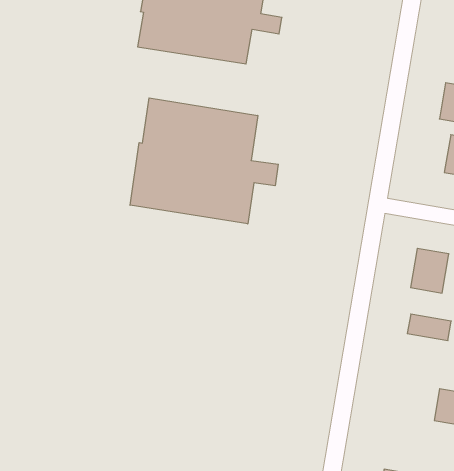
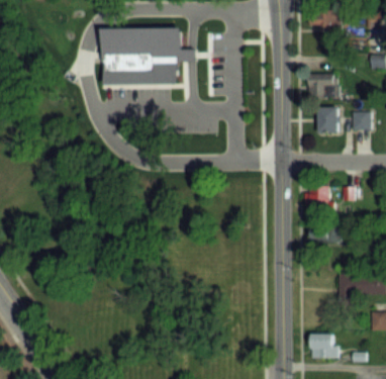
building: [130,98,278,224] -> none

